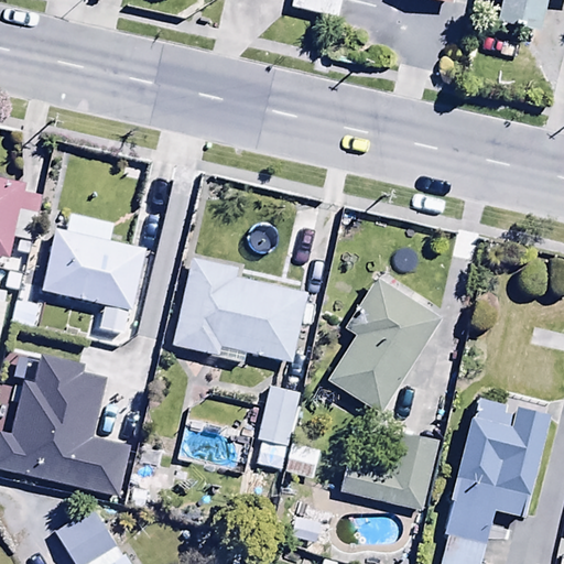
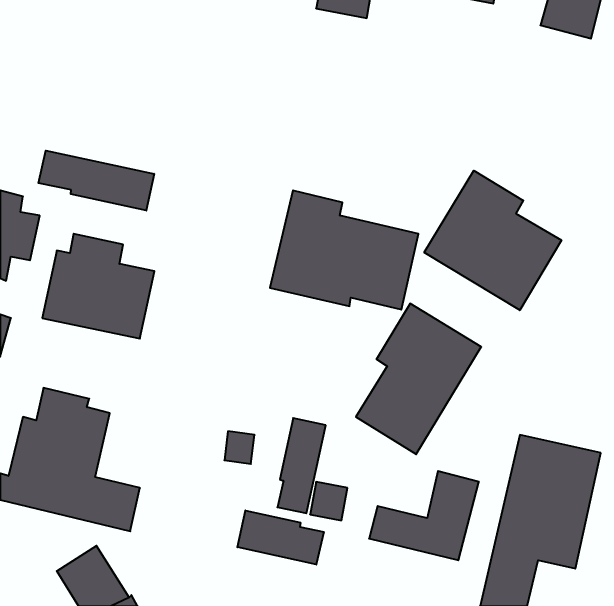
building: none -> [38,151,154,211]
building: none -> [424,171,561,310]
building: [172,254,307,364] -> [270,190,418,310]
building: none -> [237,510,324,565]

